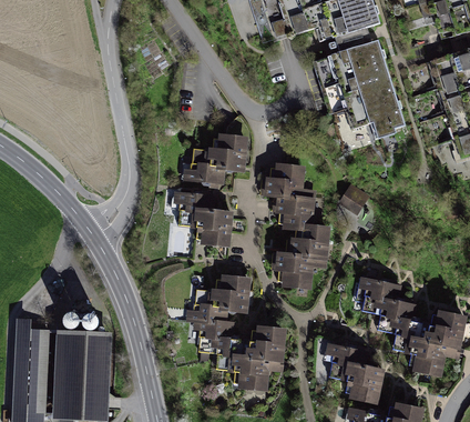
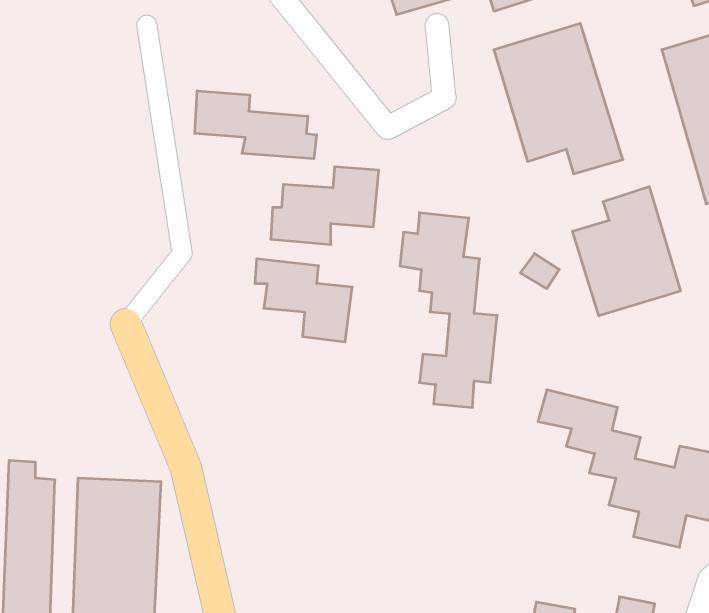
building: none -> [195,91,317,159]
building: none -> [572,187,680,316]
building: [185,278,285,390] -> none
building: [321,341,381,400] -> none

